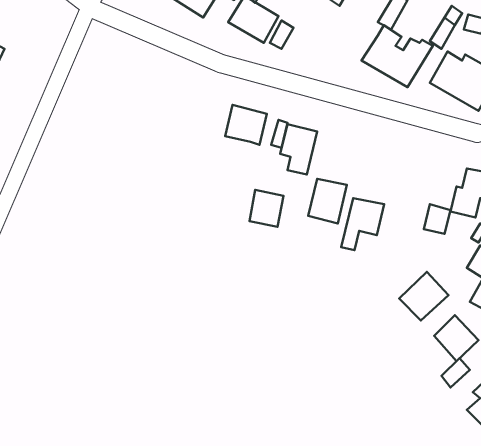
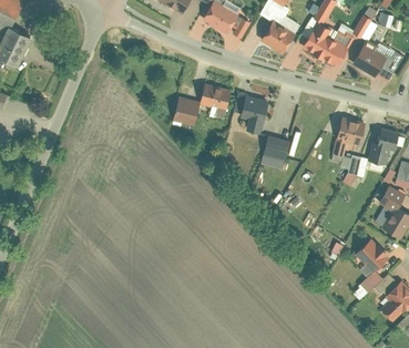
building: none -> [259,22,294,57]
building: [249,190,283,227] -> [173,99,198,126]
building: [341,198,384,250] -> [333,119,365,157]
building: [399,272,449,320] -> none

